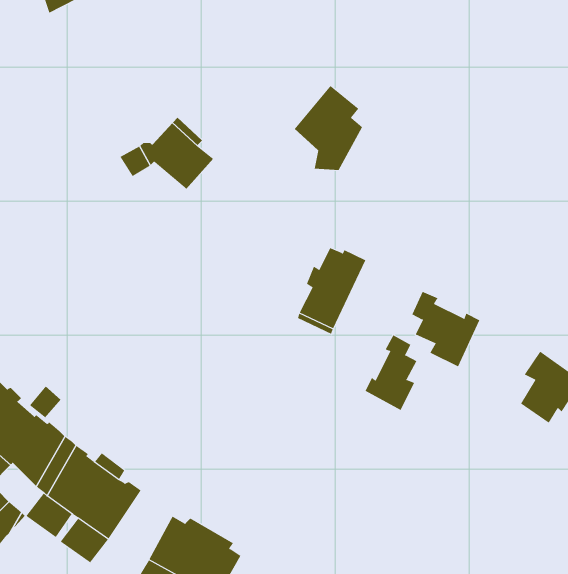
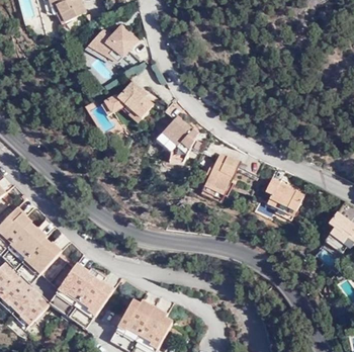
building: none -> [89,23,139,60]
building: [294,85,363,171] -> [157,114,195,162]
building: [365,335,417,411] -> none

